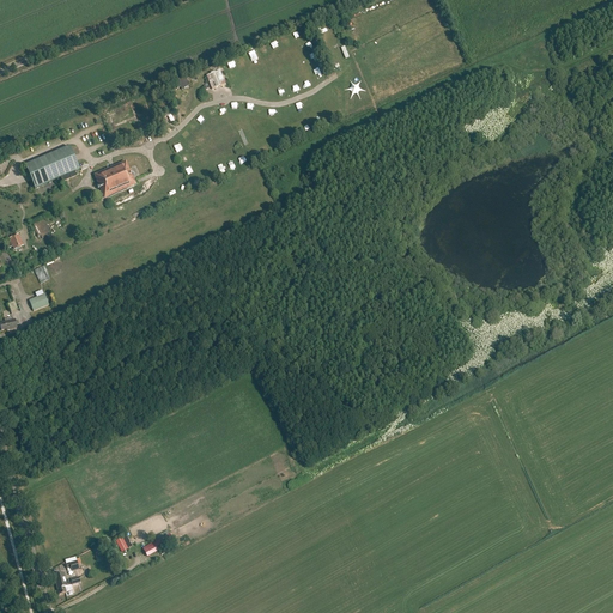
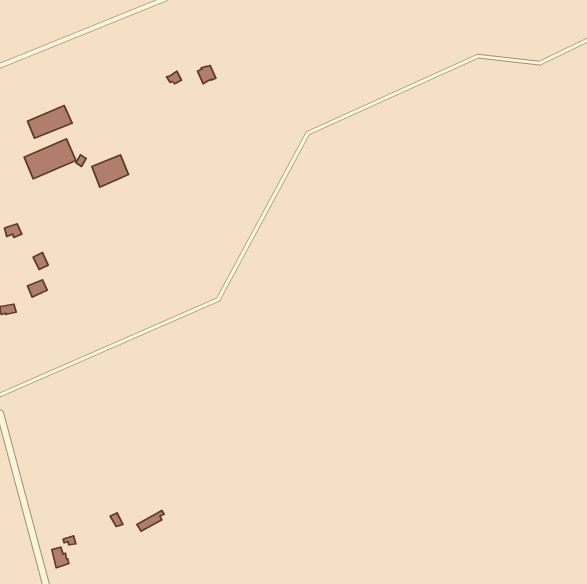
building: none -> [28,105,72,138]

